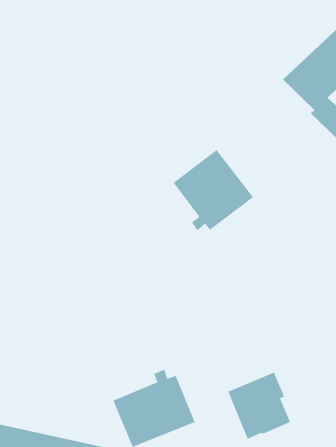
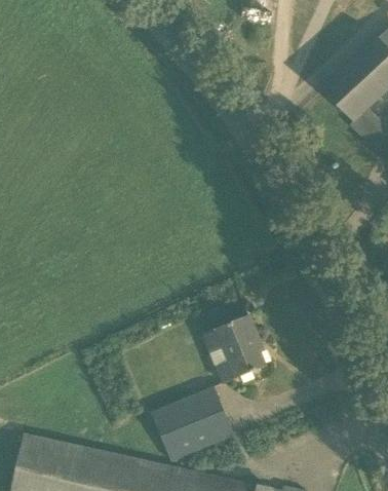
building: [173,149,254,231] -> none
building: [228,372,291,439] -> [202,314,266,382]

